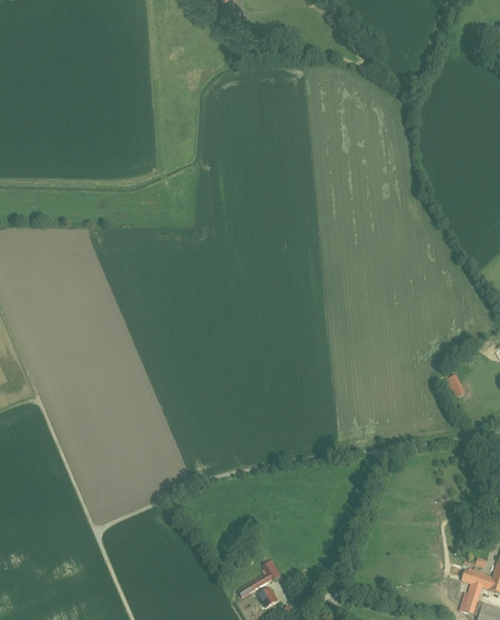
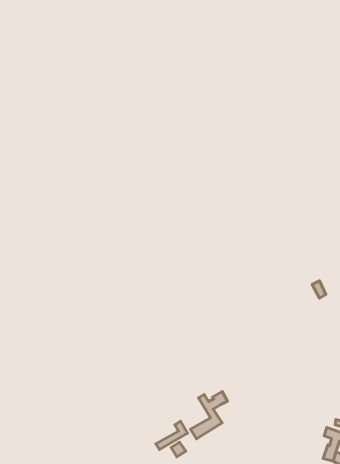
building: none -> [190,392,228,439]

